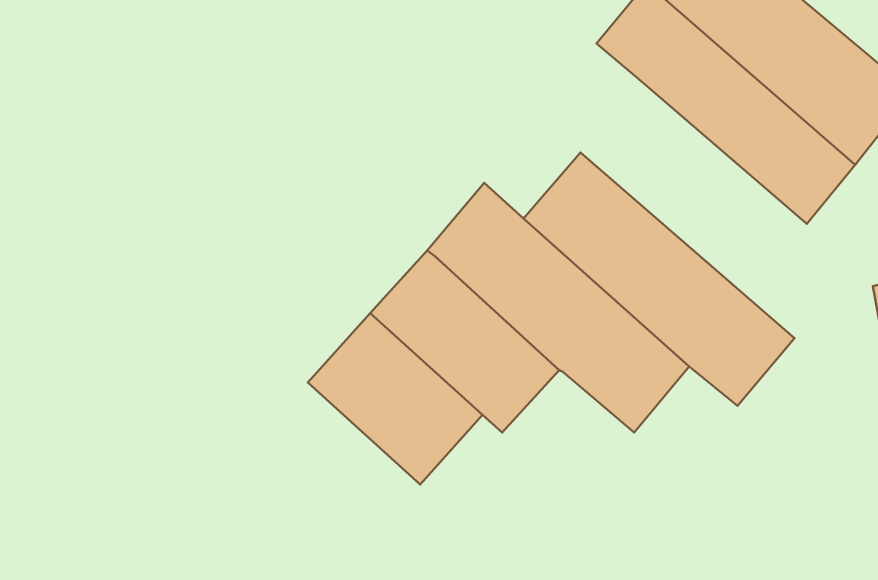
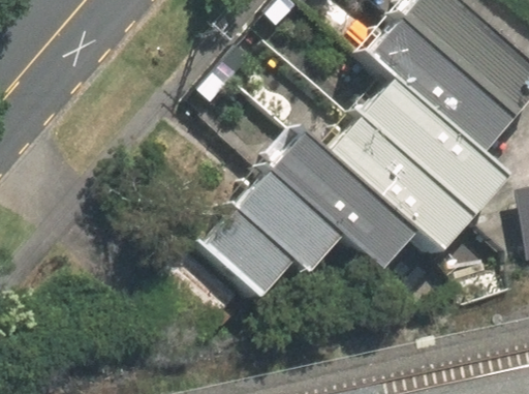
building: none -> [354,67,514,216]

